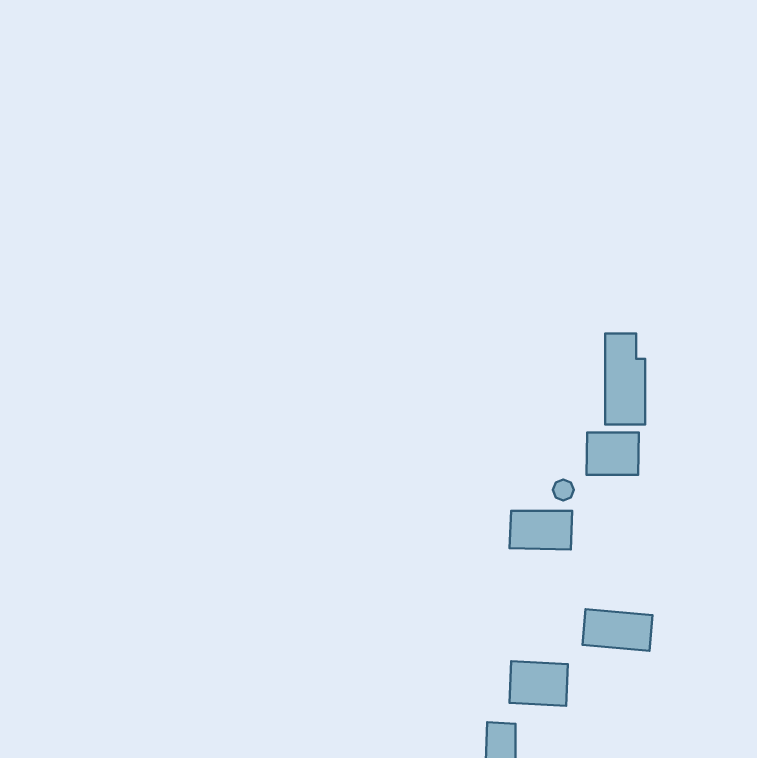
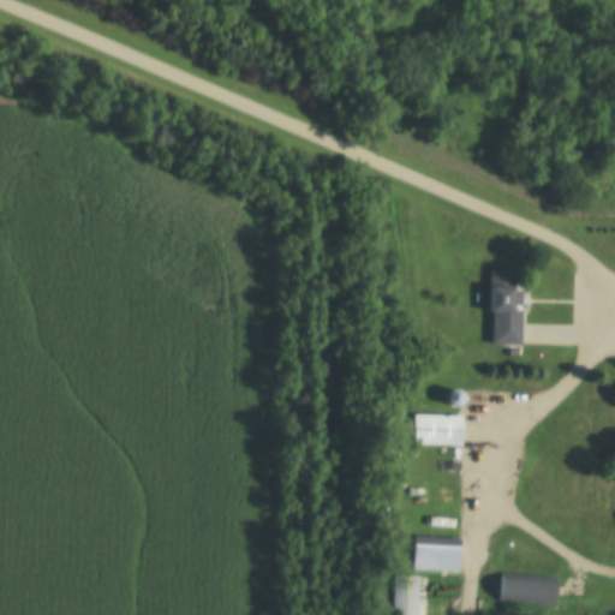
building: [586,433,639,475] -> none
building: [582,609,652,651] -> [501,573,557,607]

